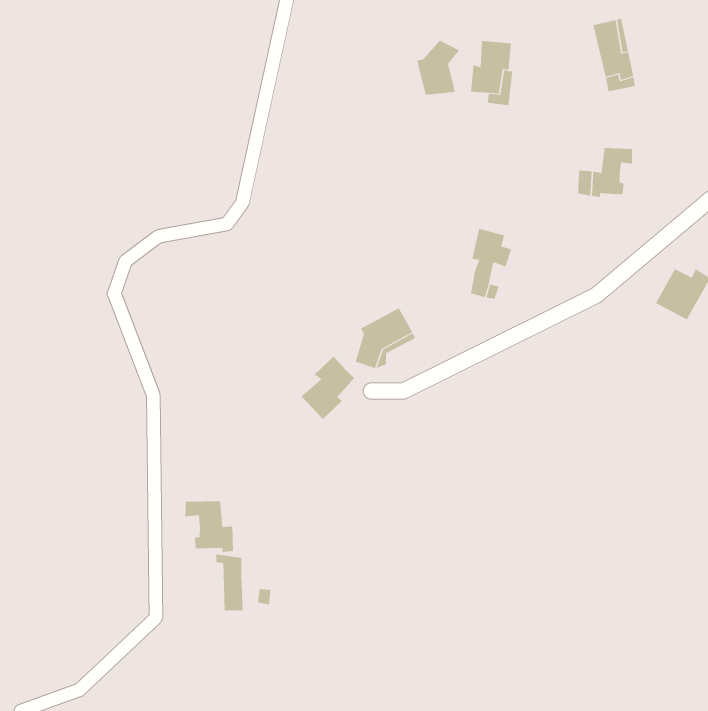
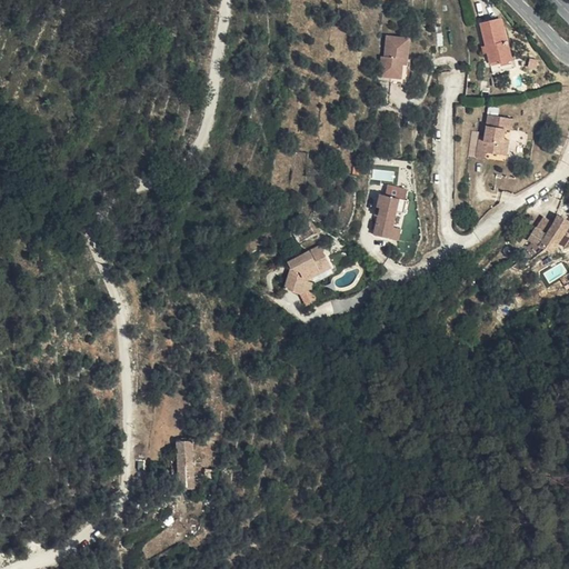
building: [416,40,460,96] -> none
building: [301,356,355,420] -> none
building: [185,500,234,553] -> none

